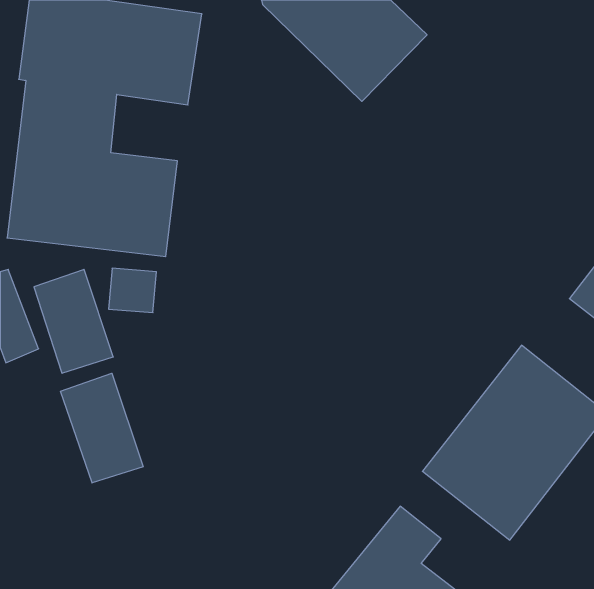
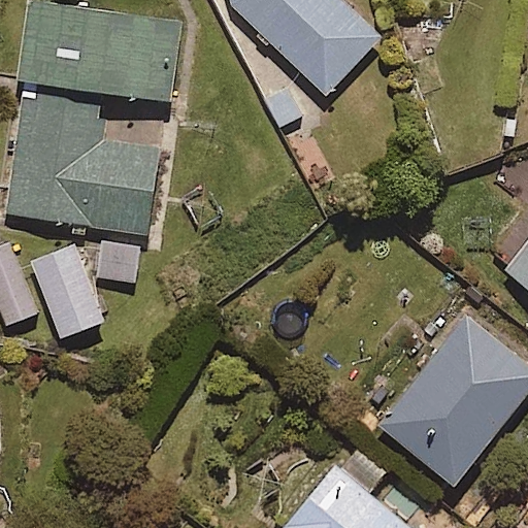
building: [61,373,143,483] -> none

